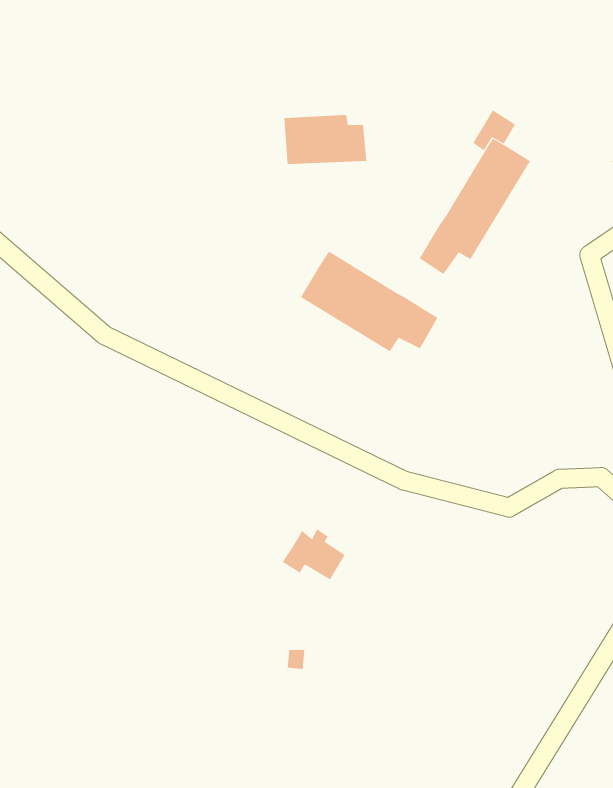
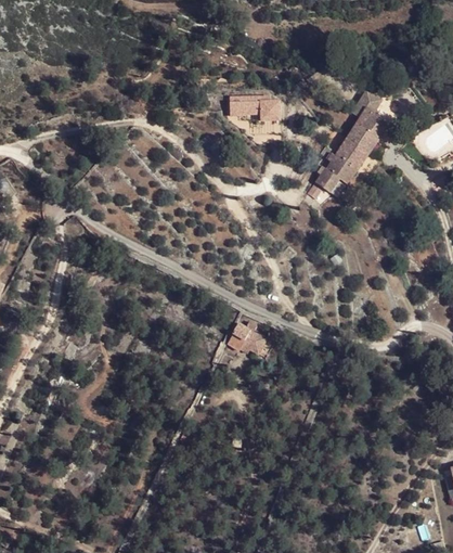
building: [300,251,438,352] -> none
building: [282,528,345,580] -> [225,322,267,356]

